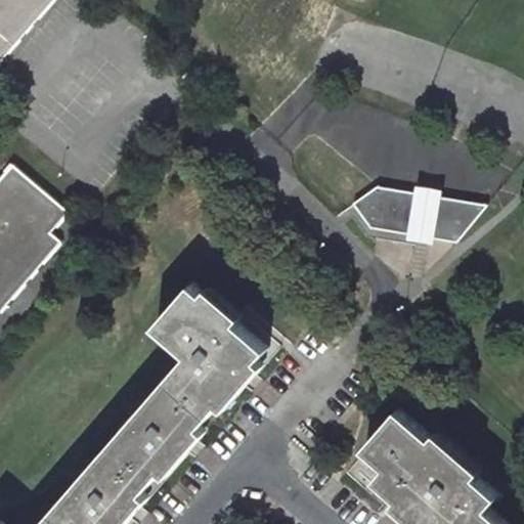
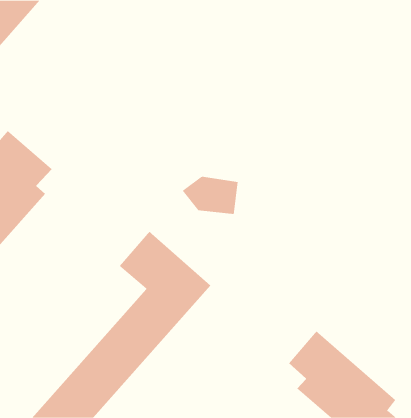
building: [343,185,413,233] -> [182,176,238,215]
building: [419,193,482,239] -> none

